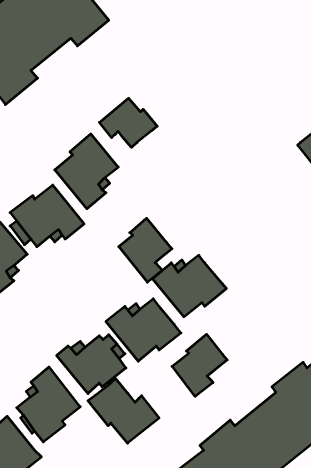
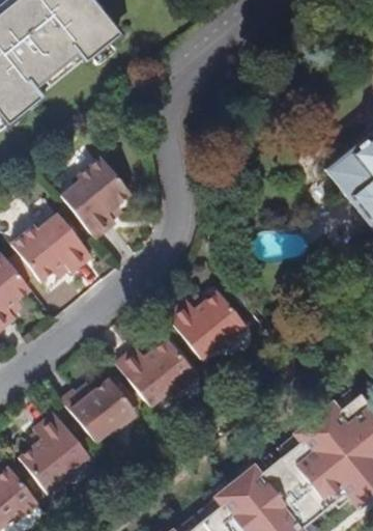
building: [99,98,157,147] -> none
building: [119,218,172,282] -> none
building: [172,334,227,396] -> none
building: [88,379,159,443] -> none

